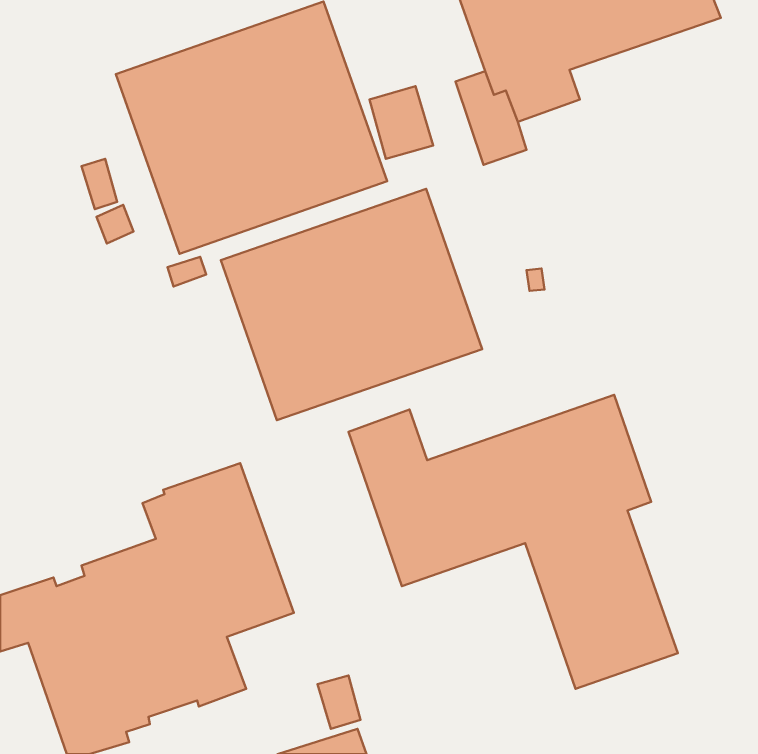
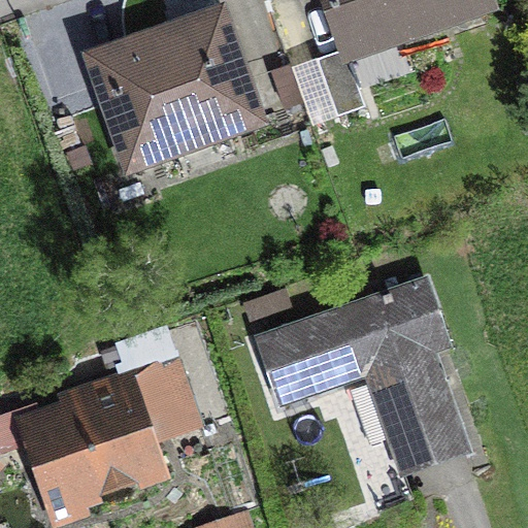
building: [221,189,482,420] -> none

